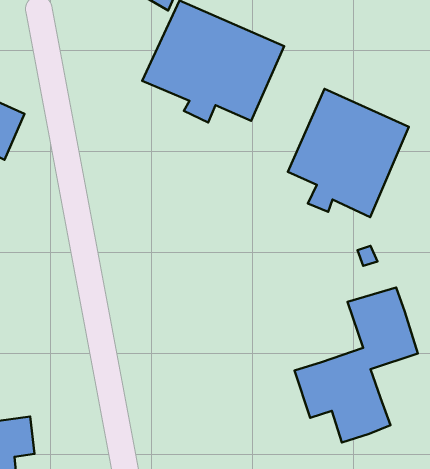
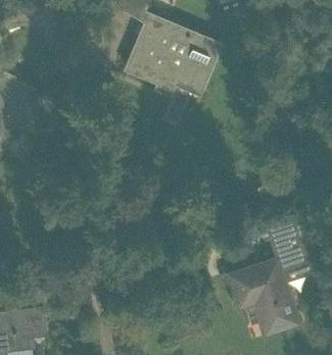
building: [288,89,409,217] -> none

